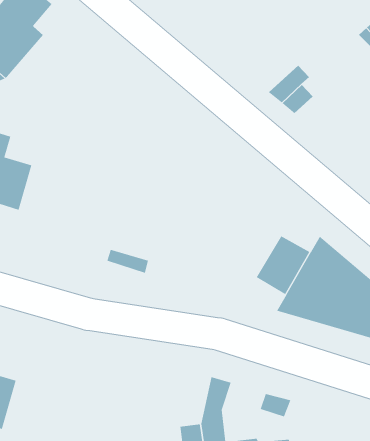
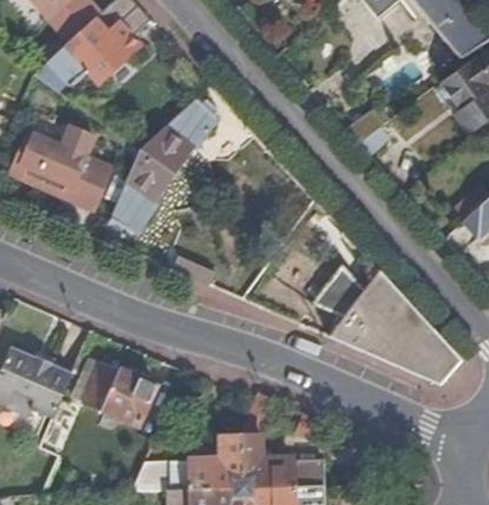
building: none -> [109,100,215,232]
building: none -> [83,366,154,425]

